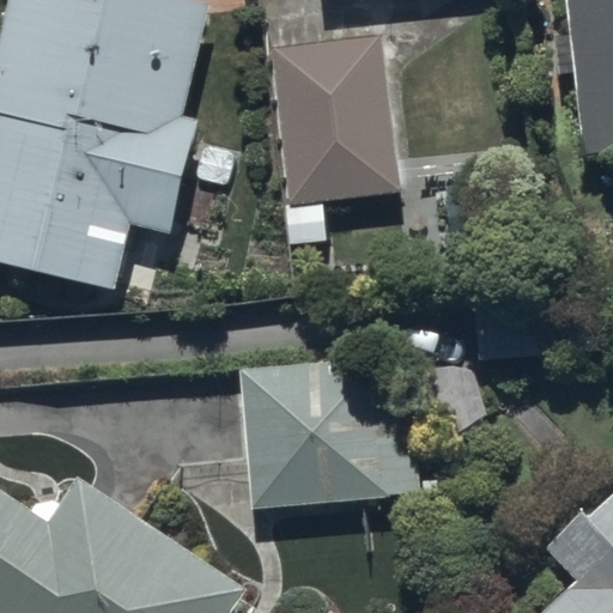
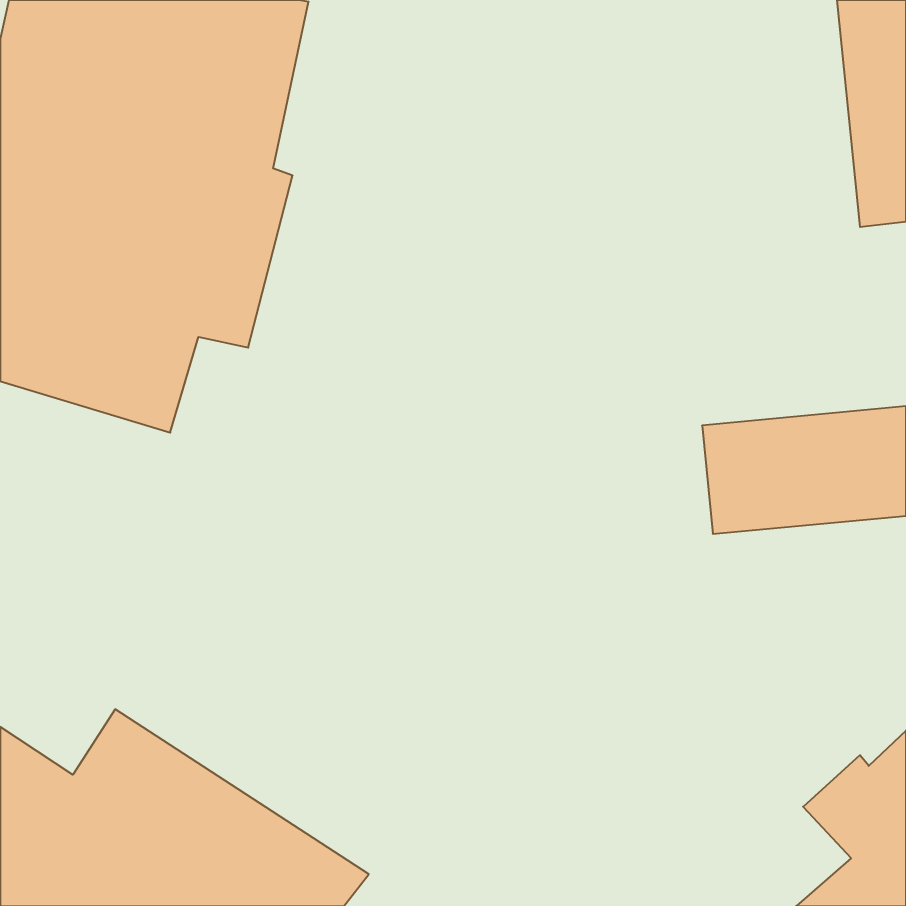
building: [275,50,406,257] -> none
building: [239,359,419,509] -> none

